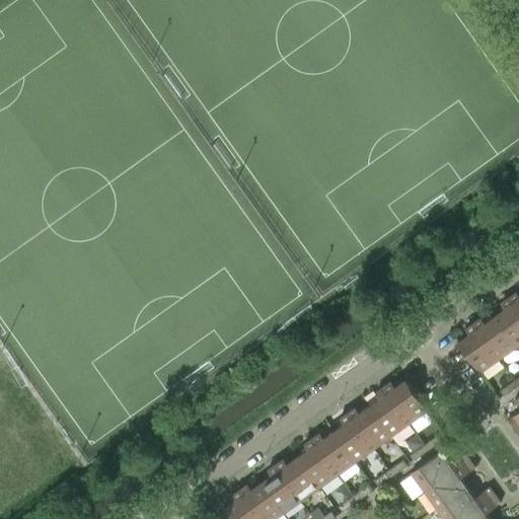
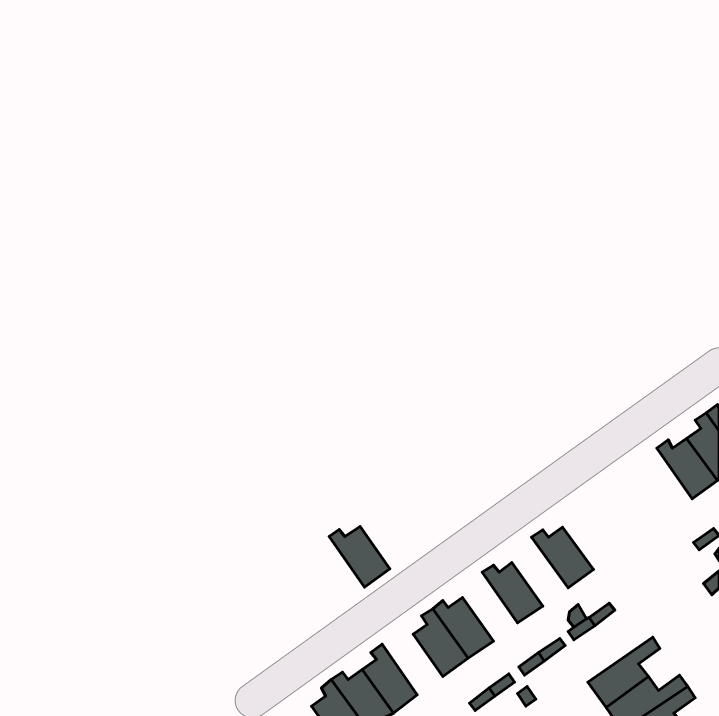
building: [457,325,498,375] -> none
building: [368,389,409,439] -> none
building: [332,415,372,464] -> none
building: [410,453,469,494] -> none
building: [275,459,318,503] -> [329,527,390,587]

